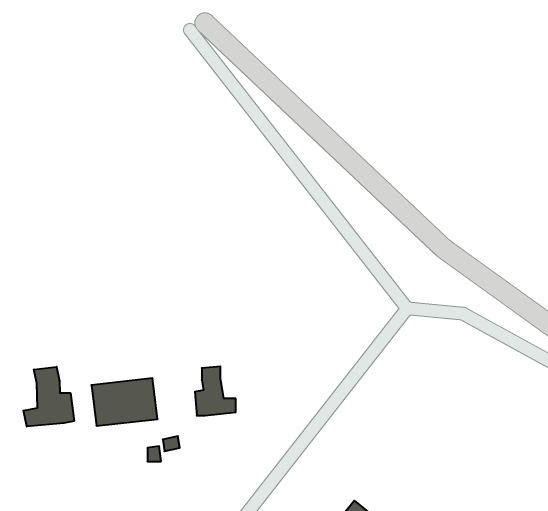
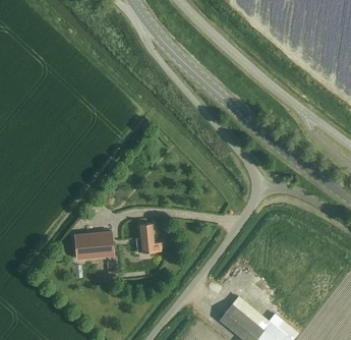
building: [23,367,74,427] -> none

